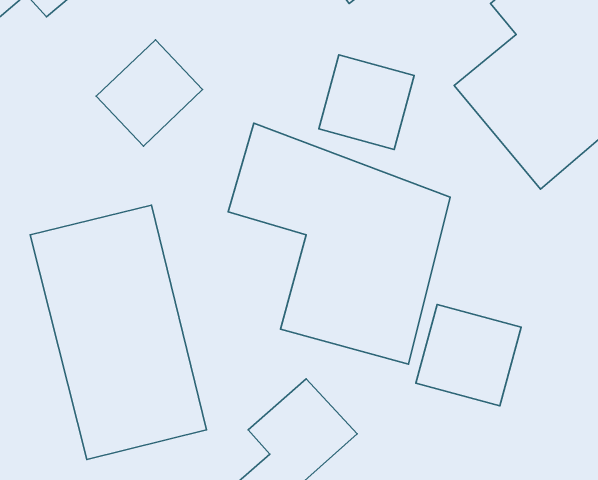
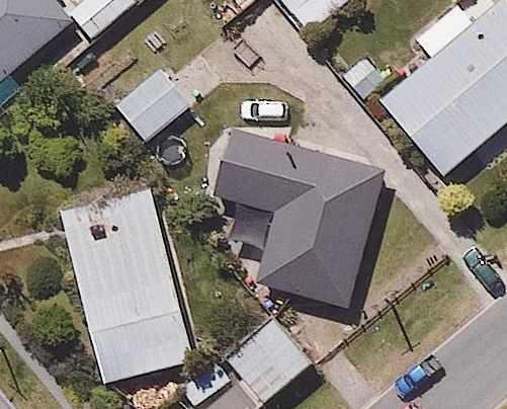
building: [319,55,414,150] -> none
building: [416,305,521,406] -> none

